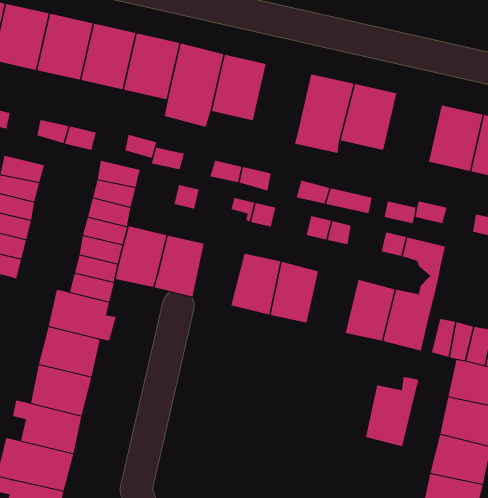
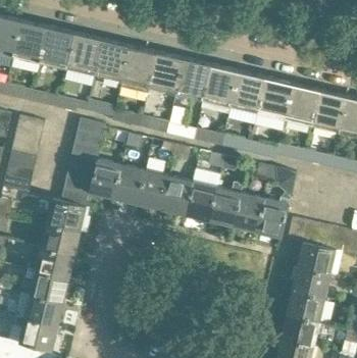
building: none -> [175,58,211,100]
building: none -> [257,76,293,119]
building: none -> [138,170,169,209]
building: [365,377,419,447] -> [209,183,243,226]

